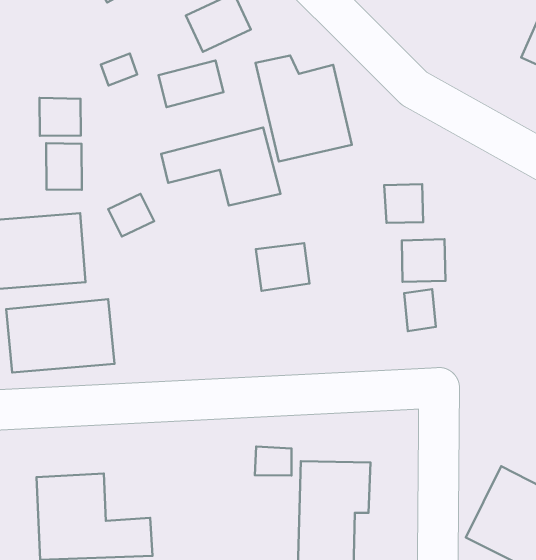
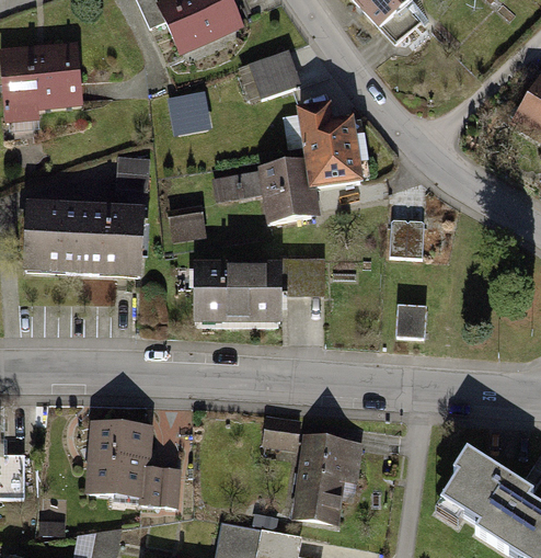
building: [158,60,224,107] -> none
building: [39,98,81,136] -> none
building: [402,239,445,282] -> none
building: [6,299,115,372] -> [195,269,278,321]

